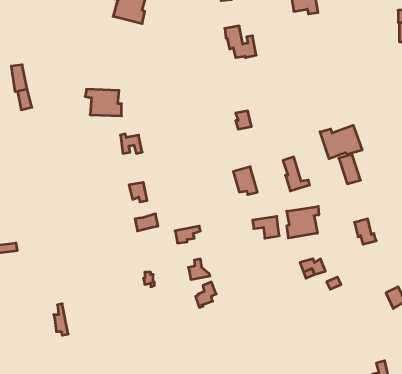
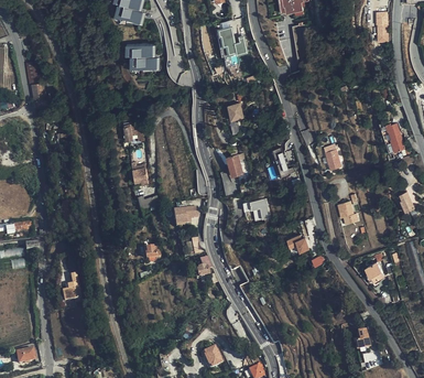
building: [85,89,122,116] -> [126,44,159,68]
building: [320,125,362,159] -> none
building: [287,206,319,238] -> none

